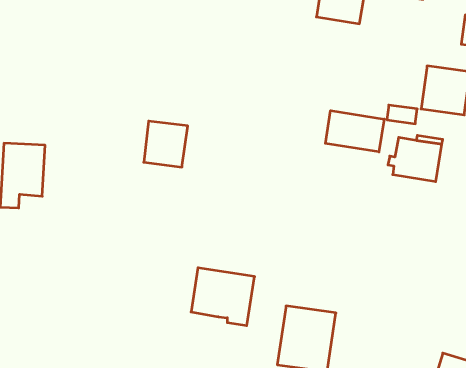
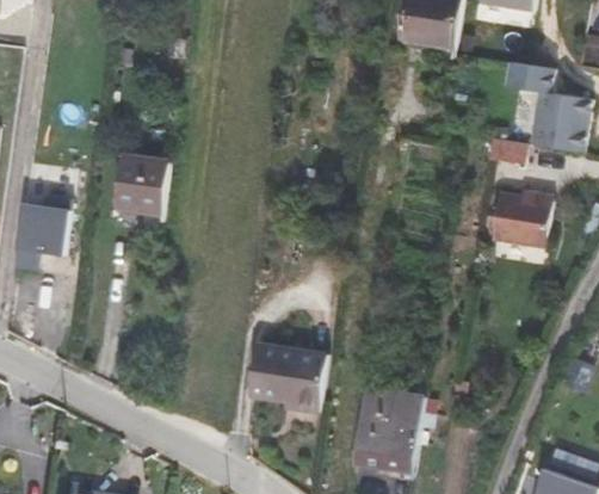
building: none -> [505,57,555,94]
building: [325,111,384,152] -> none
building: [144,121,188,167] -> [115,158,168,214]

